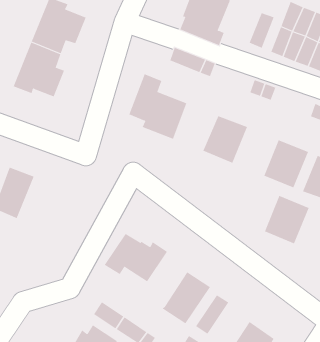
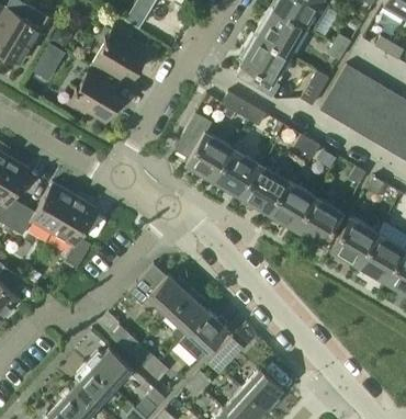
building: none -> [214,148,260,196]
building: none -> [52,196,97,268]
building: [264,195,309,244] -> [268,180,315,229]
building: none -> [168,288,207,341]

